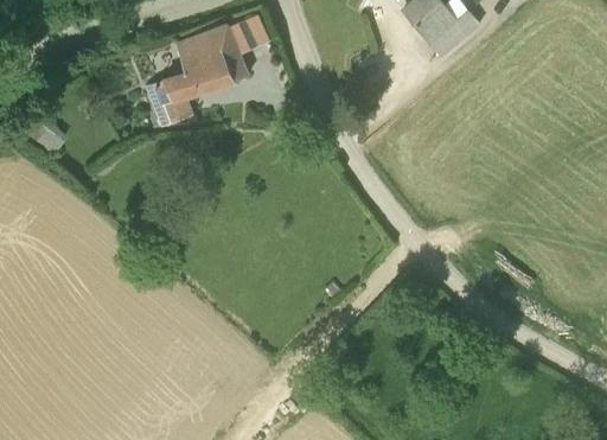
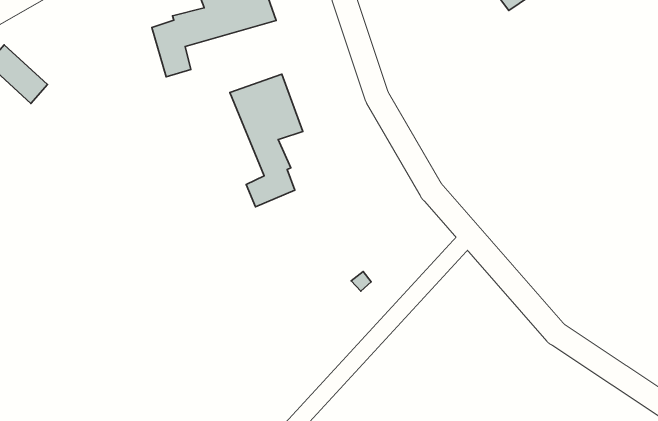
building: none -> [230,74,303,207]

